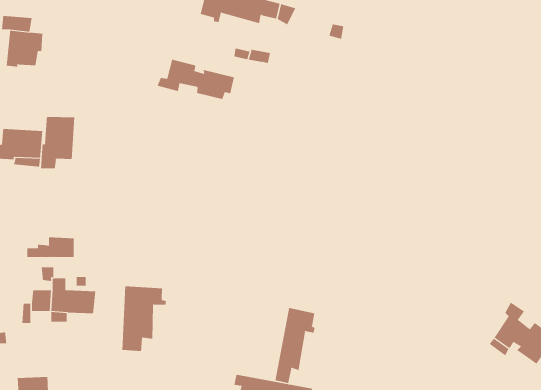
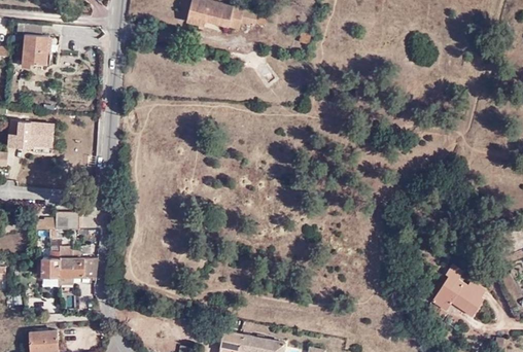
building: [157,59,235,100] -> none
building: [41,116,75,169] -> none
building: [122,285,166,352] -> none
building: [275,307,315,384] -> none

